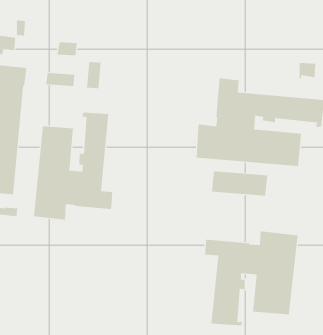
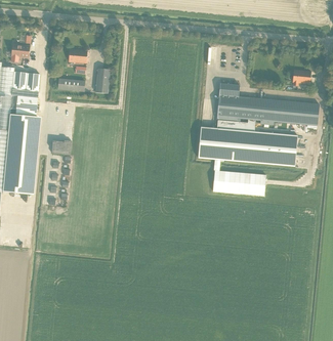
building: [33,112,113,221] -> none
building: [204,231,298,326] -> none

